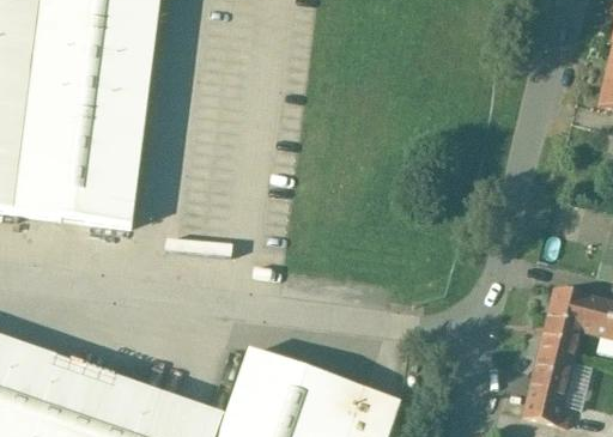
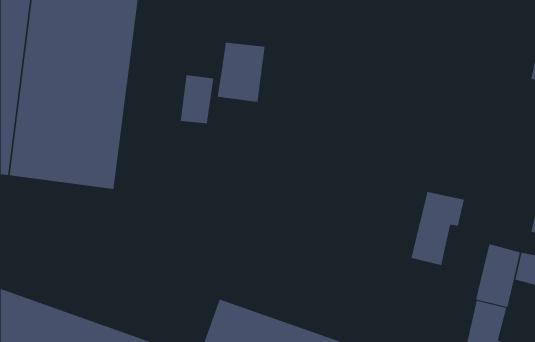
building: none -> [217,42,265,103]
building: none -> [180,74,214,124]
building: none -> [411,191,465,266]

